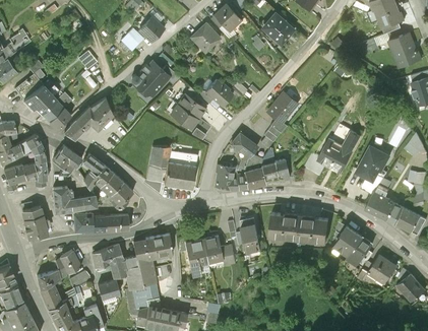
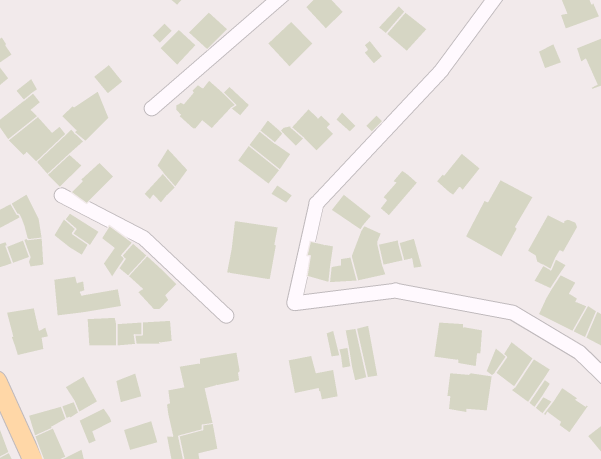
building: [268,92,297,120] -> [436,153,480,196]
building: [82,96,113,129] -> [62,91,109,142]
building: [148,145,171,169] -> none
building: [270,213,300,239] -> [446,373,492,412]
building: [186,240,208,275] -> none
building: [106,244,127,277] -> none

